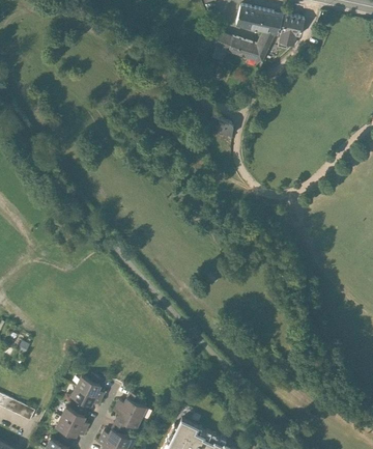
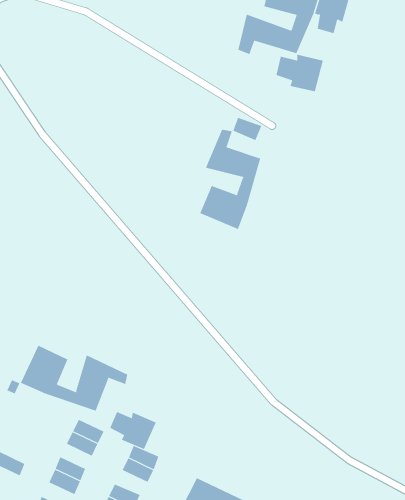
building: none -> [276,54,324,92]
building: none -> [199,129,261,230]
building: none -> [20,345,128,412]
building: none -> [110,411,157,450]

